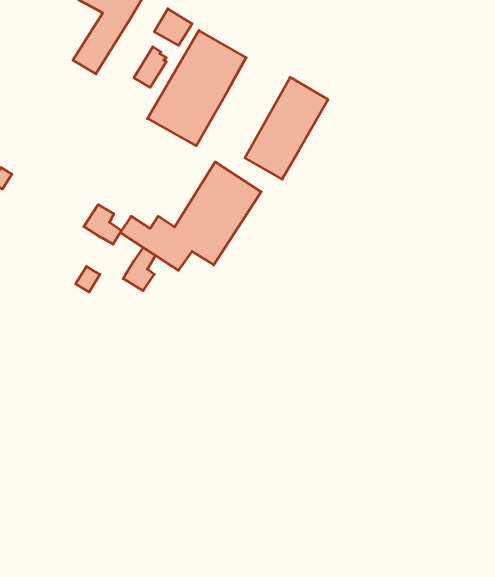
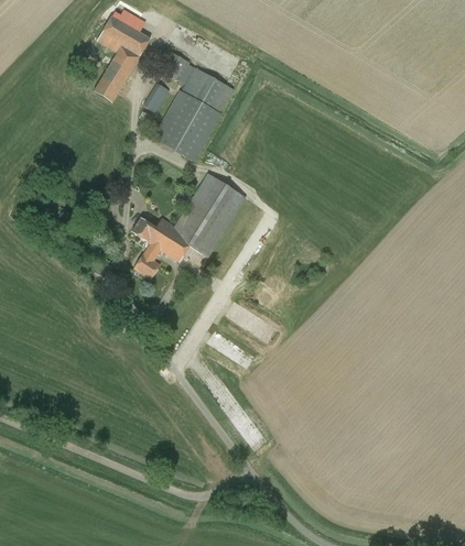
building: [245,77,328,179] -> none
building: [84,205,122,244] -> none

